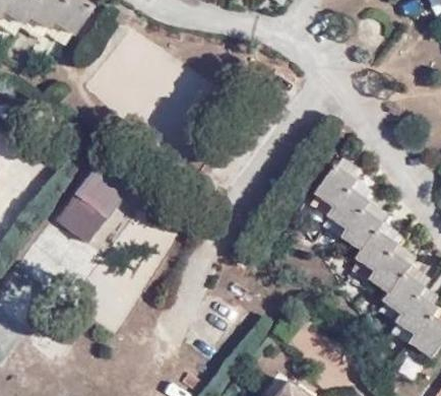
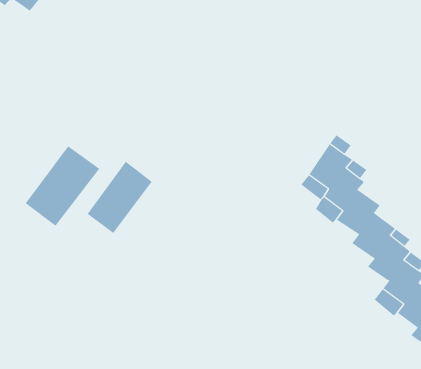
building: none -> [87,161,153,234]

